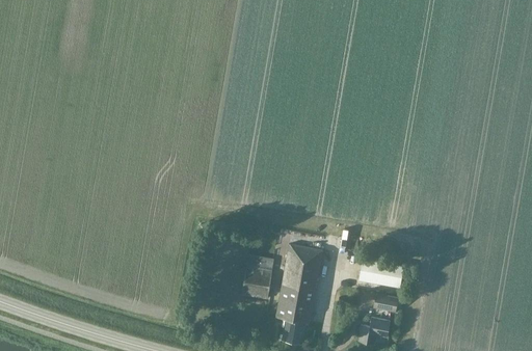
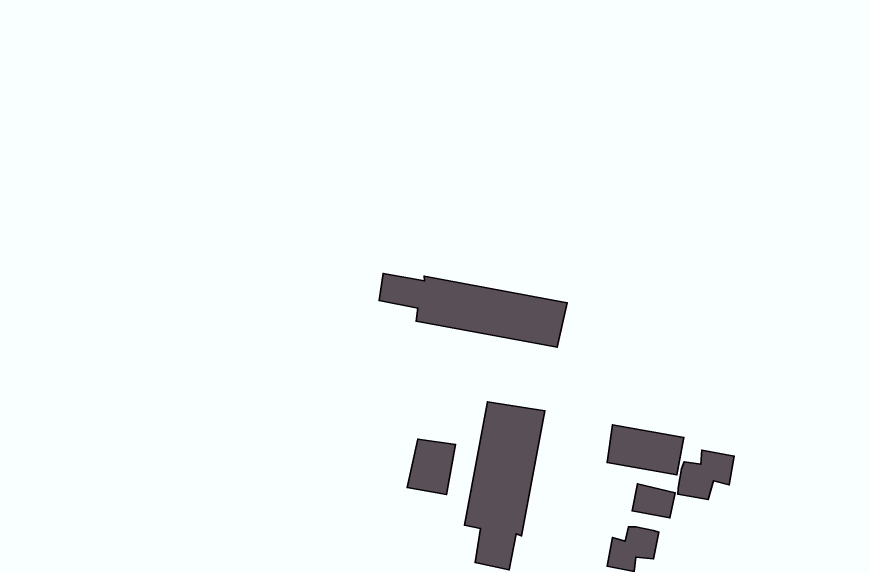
building: none -> [379,274,567,347]
building: none -> [678,450,734,499]

